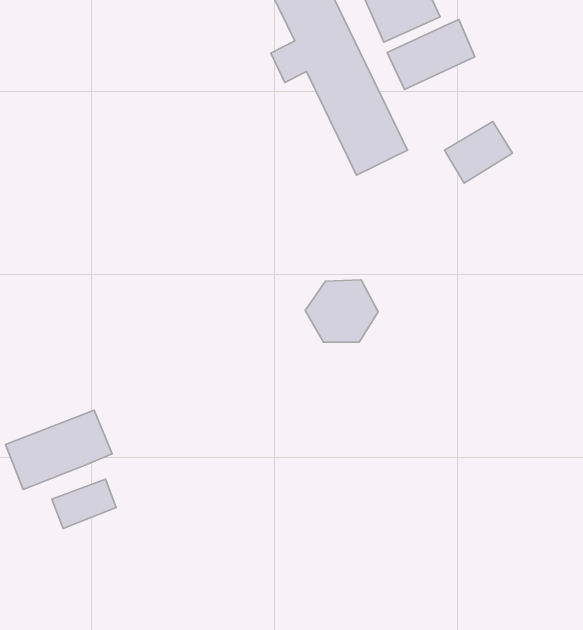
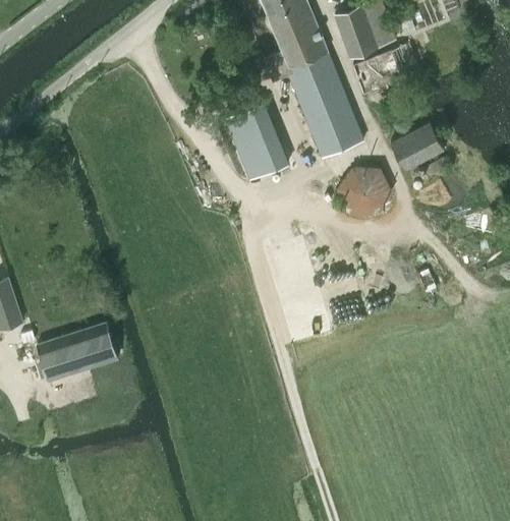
building: none -> [226,104,287,179]
building: [305,280,378,342] -> [336,167,392,216]
building: [52,479,116,528] -> none

